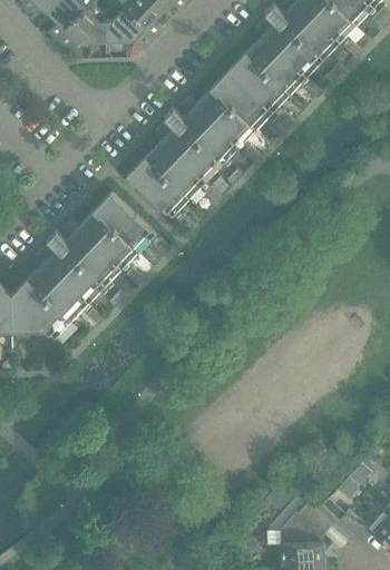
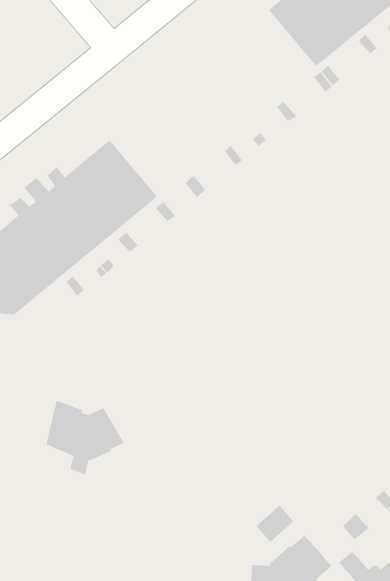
building: [127,69,273,216] -> none
building: none -> [46,400,124,476]

